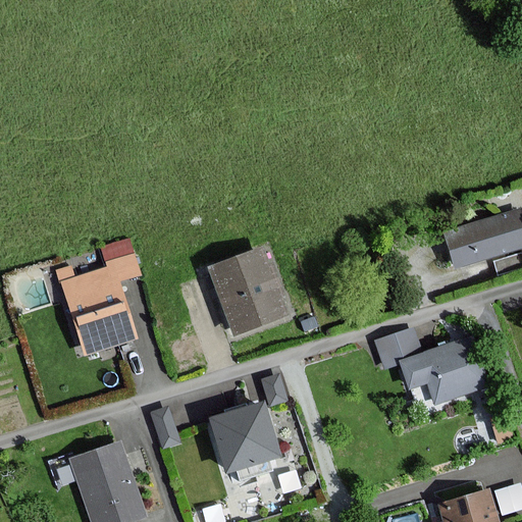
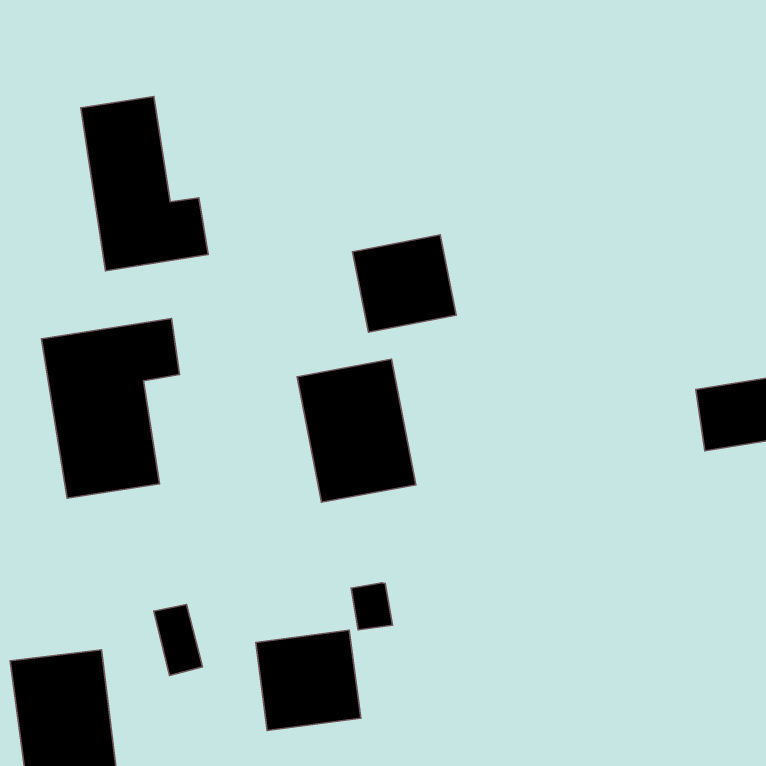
building: none -> [81,97,208,271]
building: none -> [353,235,456,332]
building: [373,328,484,404] -> none

